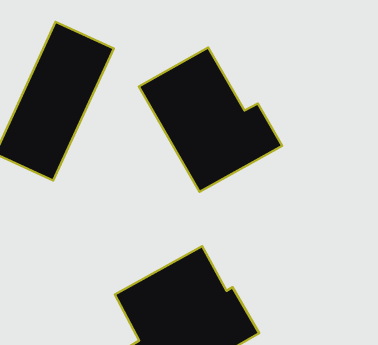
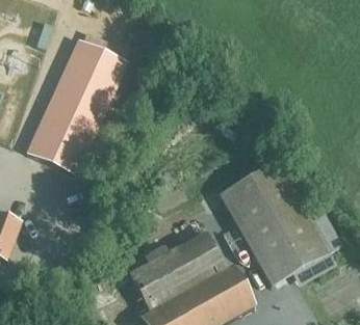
building: [139,48,282,192] -> [217,162,340,286]

